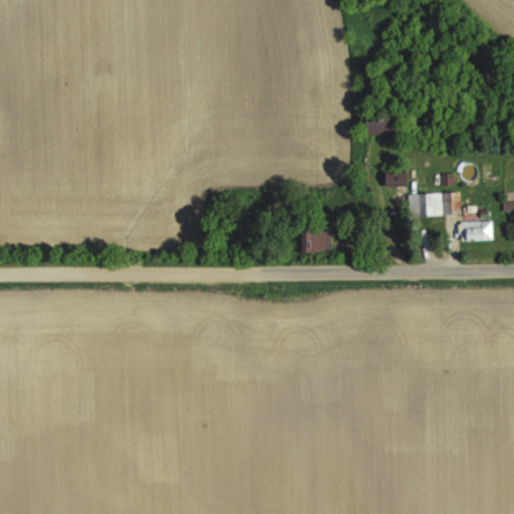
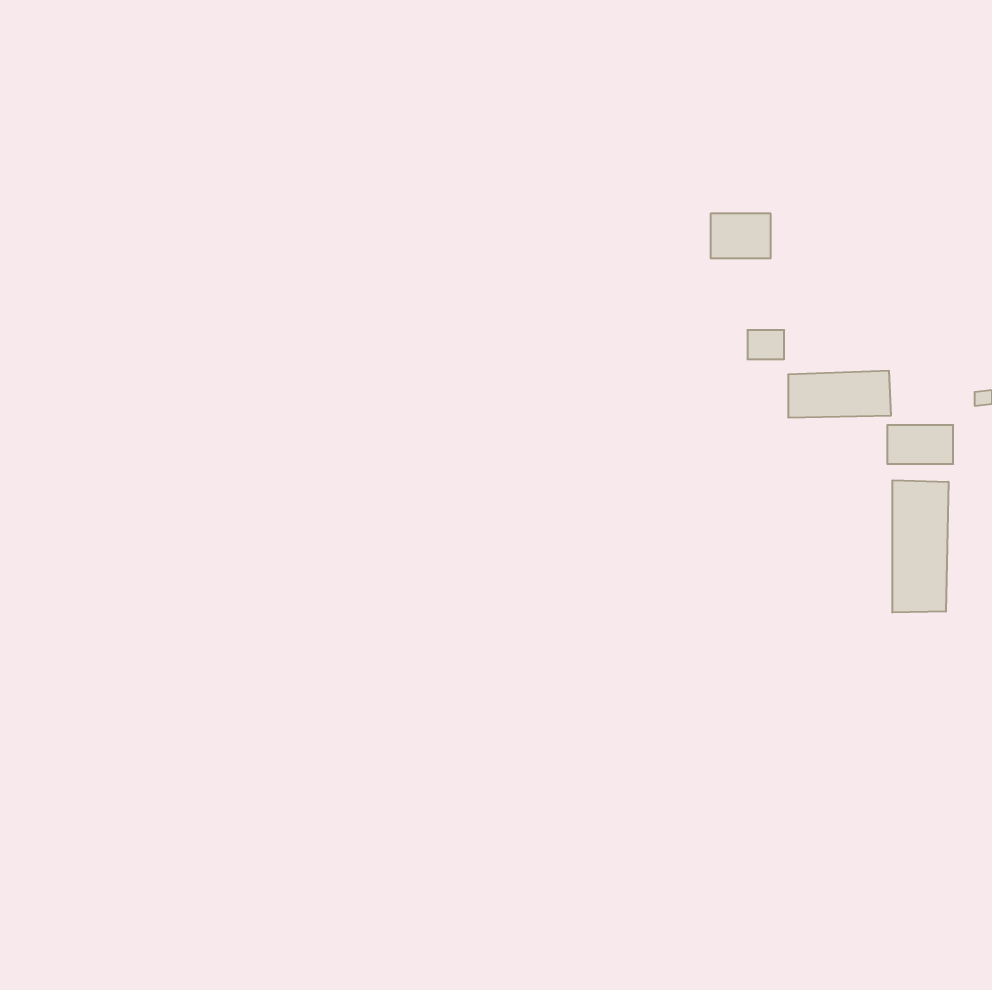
building: [304,230,330,254] -> none
building: none -> [892,480,948,613]

